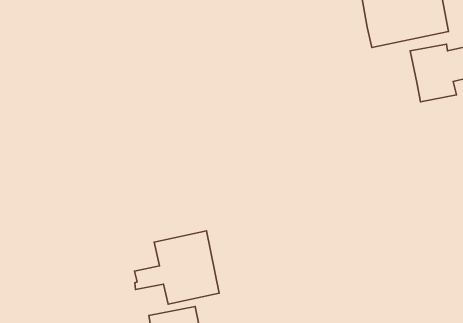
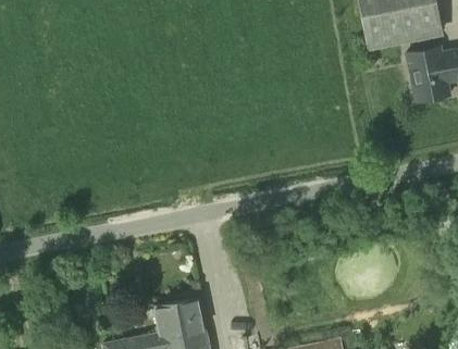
building: [134,231,219,304] -> none

